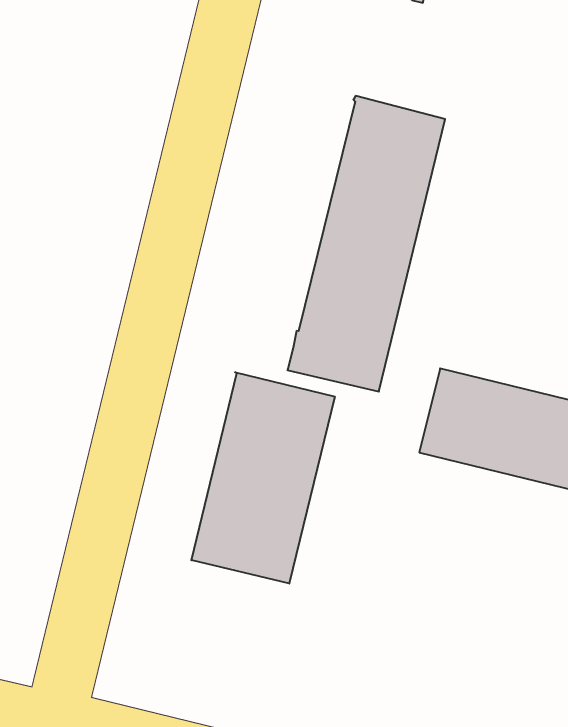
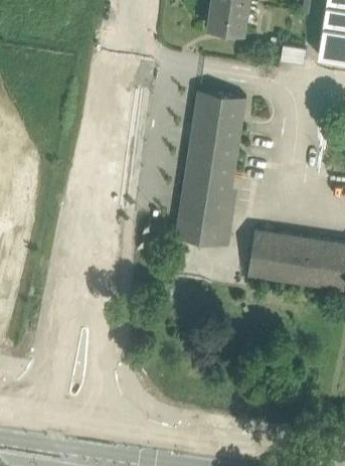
building: [191,372,335,584] -> none

